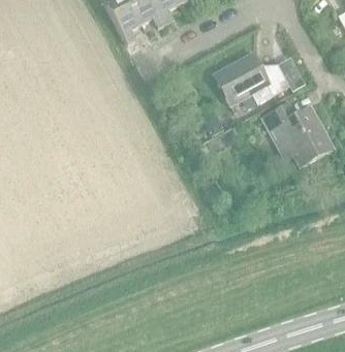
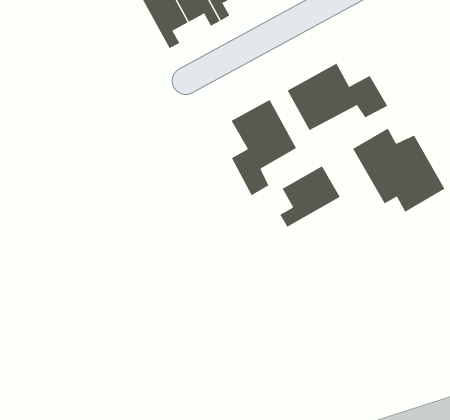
building: none -> [231,99,297,196]
building: none -> [279,165,341,227]

